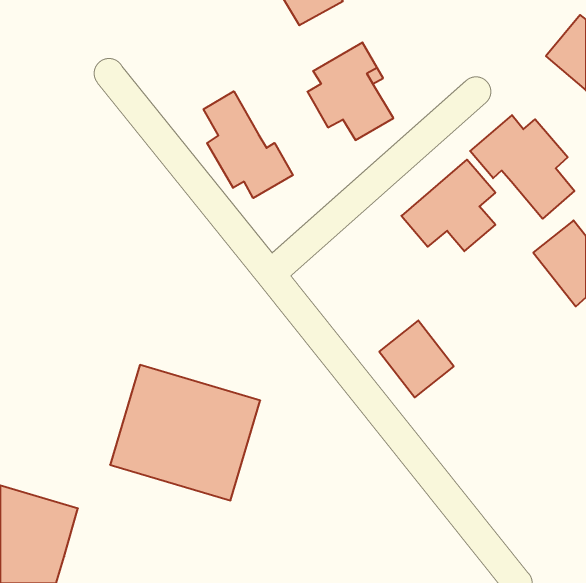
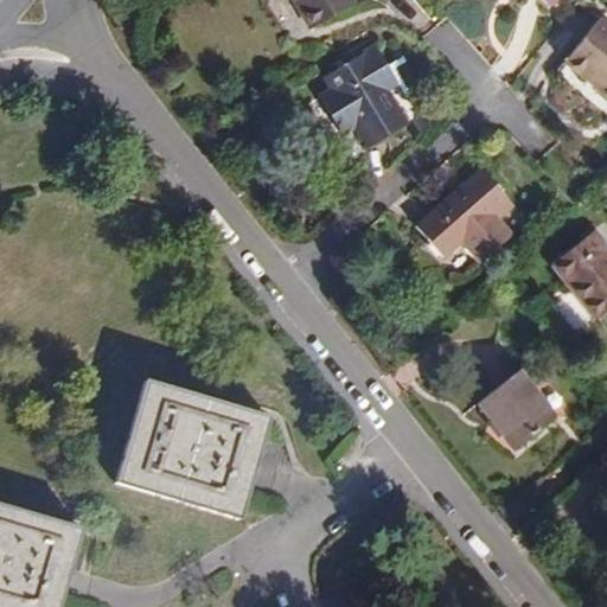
building: [204,91,293,198] -> none
building: [470,115,574,219] -> none
building: [379,320,454,397] -> [478,368,555,447]

